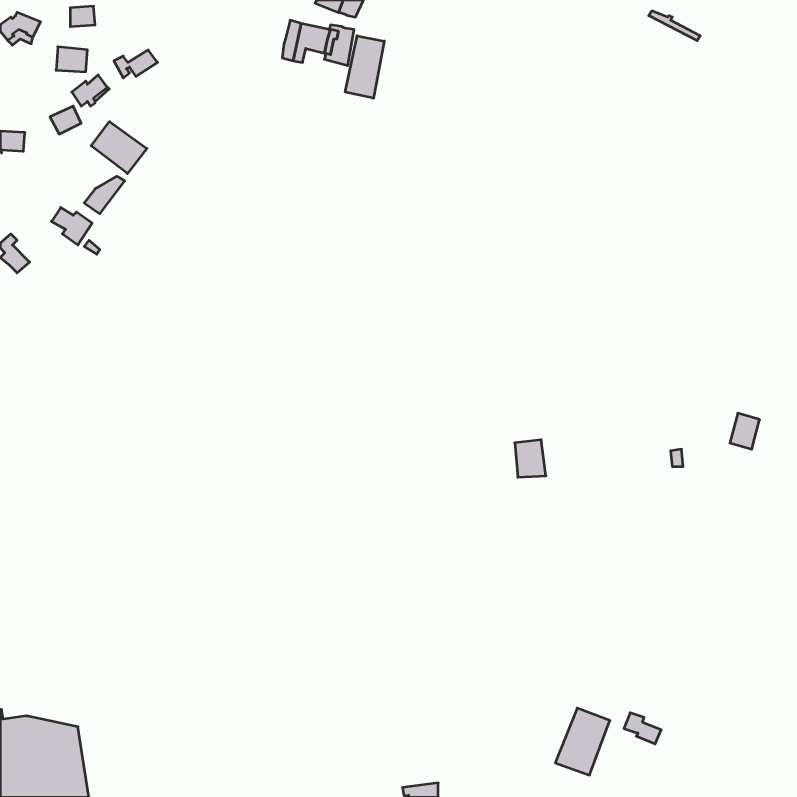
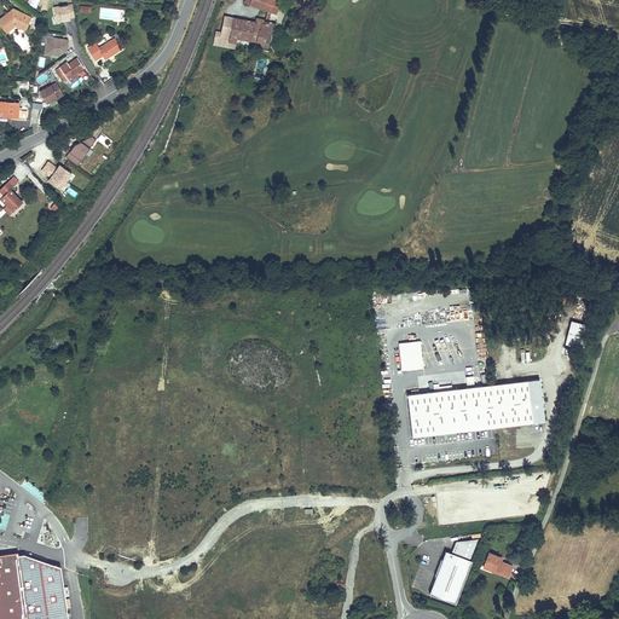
building: [345,36,384,98] -> none
building: [91,122,147,174] -> none
building: none -> [407,378,544,436]

